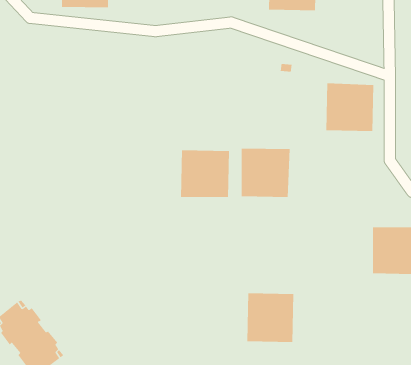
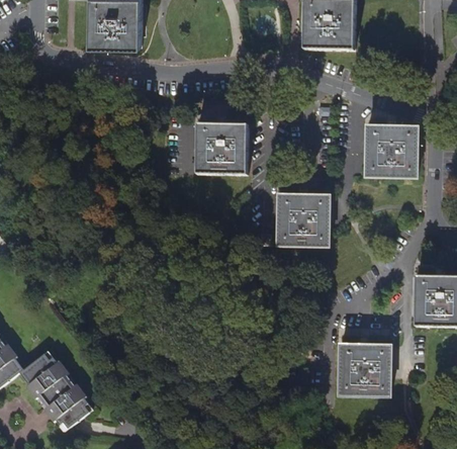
building: [180,150,230,198] -> [195,122,247,172]
building: [246,293,294,343] -> [339,343,388,394]

